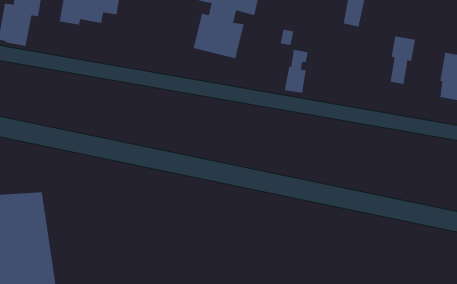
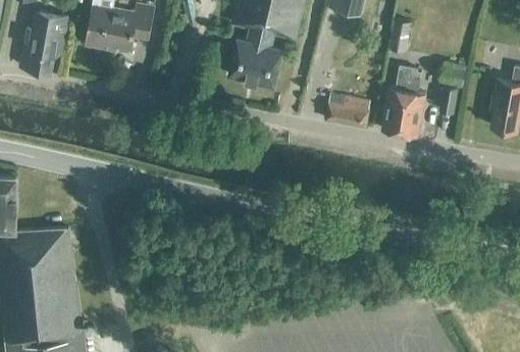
building: none -> [382,67,424,138]
building: none -> [345,100,369,129]

